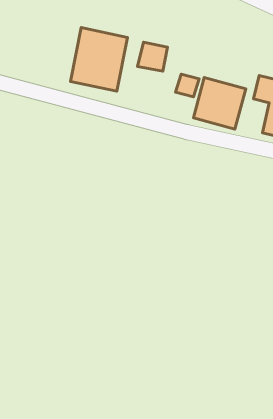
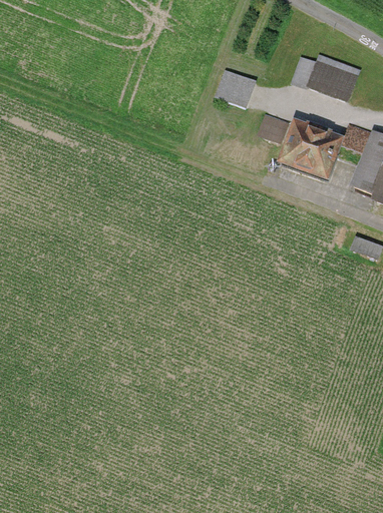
building: none -> [296,53,358,101]
building: [70,28,128,91] -> none

